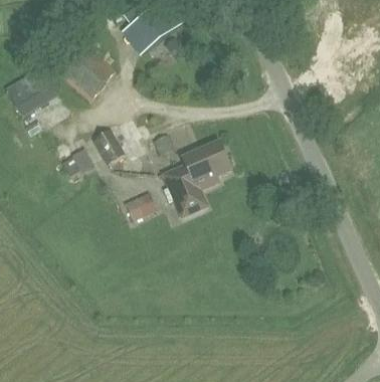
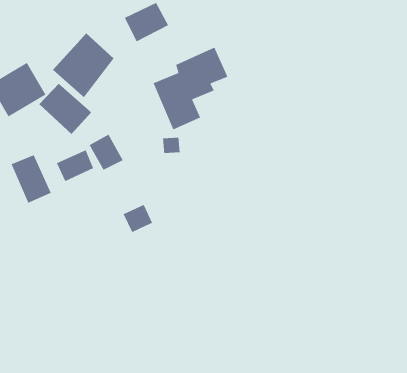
building: none -> [39,83,92,135]
building: [163,142,230,216] -> [152,46,228,130]
building: none -> [11,154,52,204]

